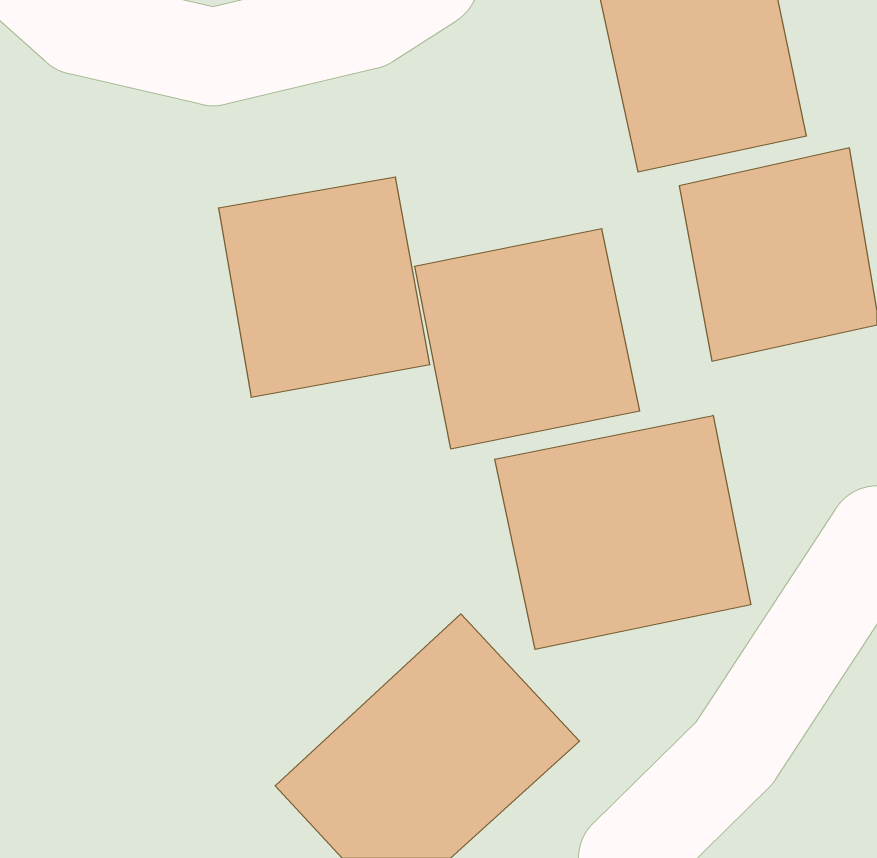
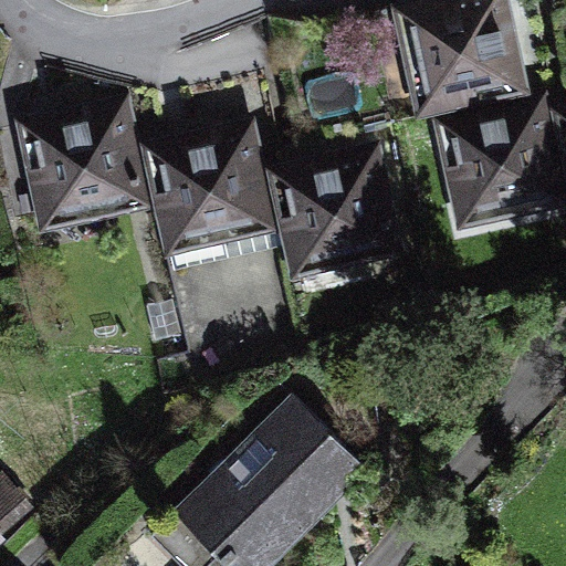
building: none -> [6,95,153,233]
building: [495,415,751,649] -> none

